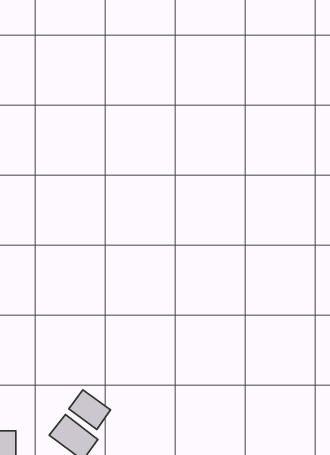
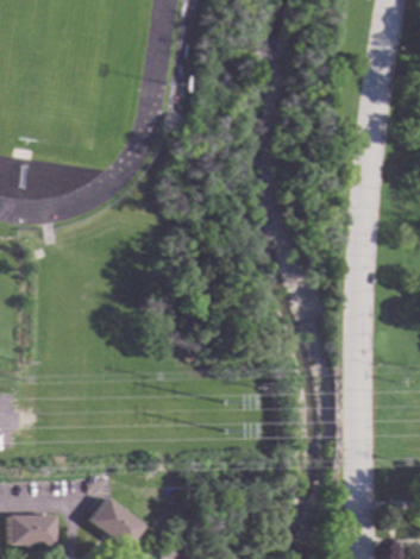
building: [69,390,111,430] -> none

